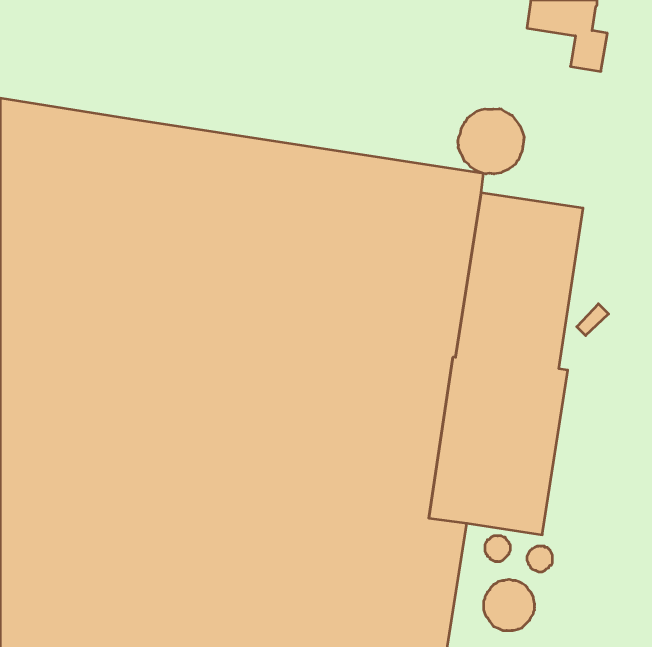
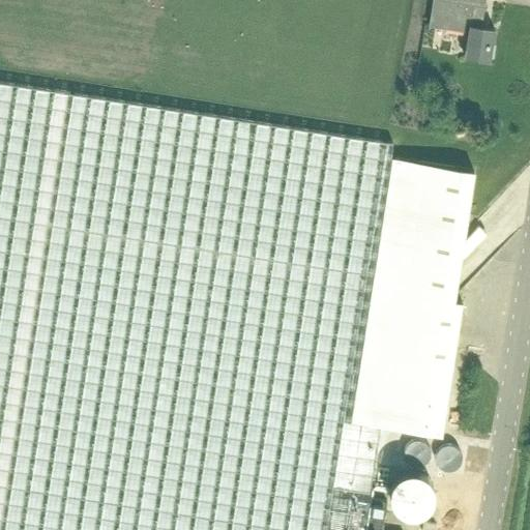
building: [458,109,524,174] -> none

